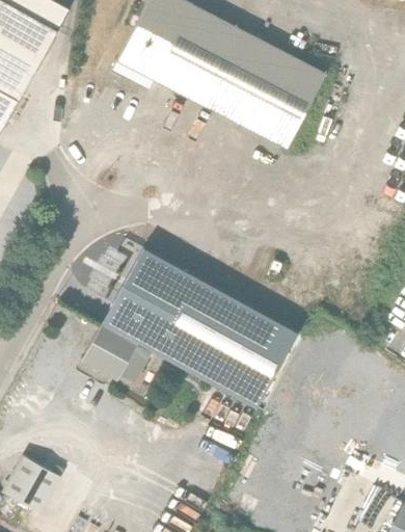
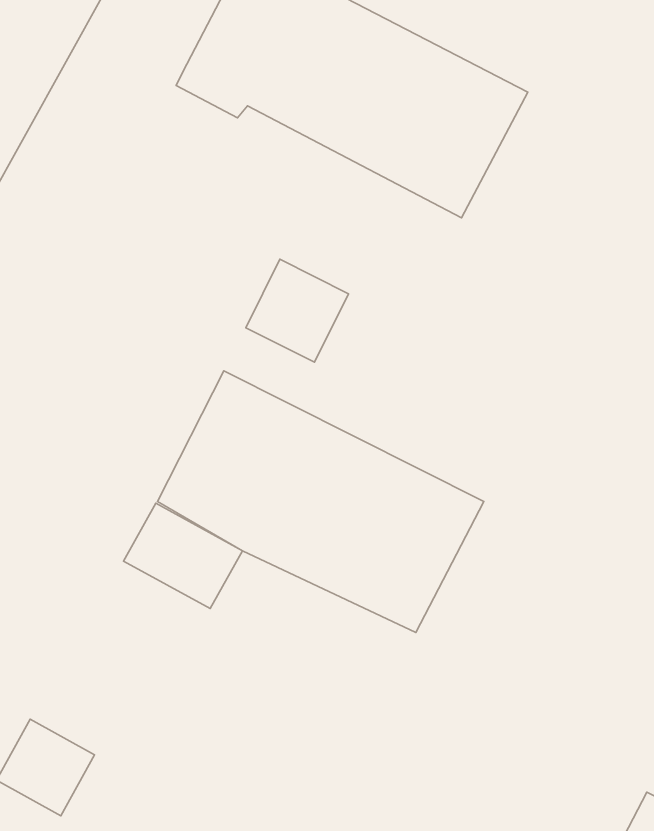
building: none -> [246,259,348,362]

